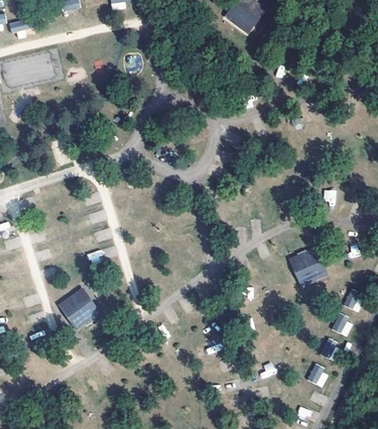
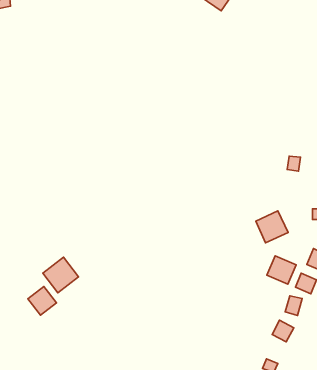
building: none -> [267,256,296,284]
building: none -> [28,287,57,315]

